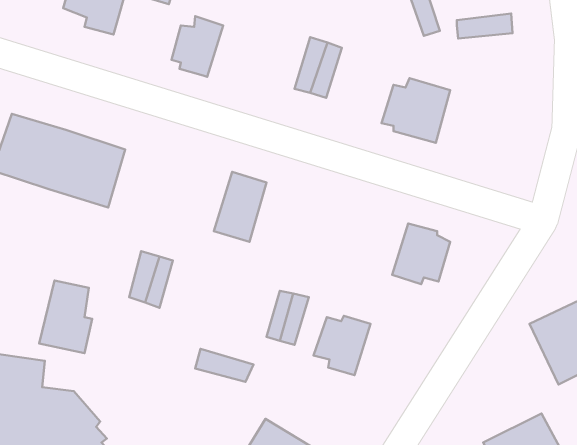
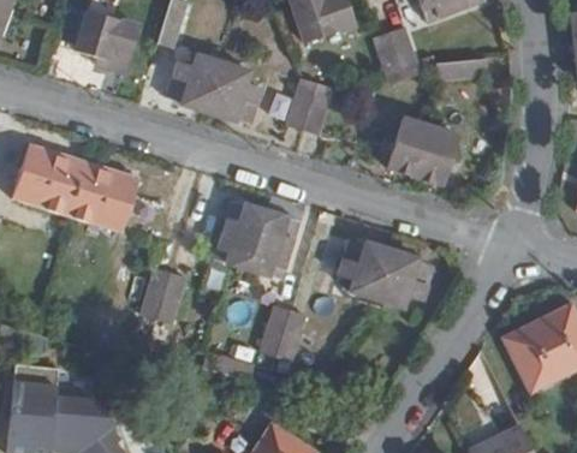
building: none -> [209,66,260,120]
building: none -> [417,125,453,177]
building: none -> [248,209,295,272]
building: [39,280,92,353] -> none
building: [314,316,370,375] -> [340,239,392,293]

